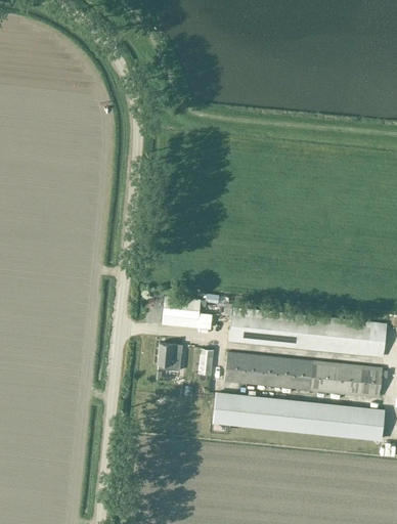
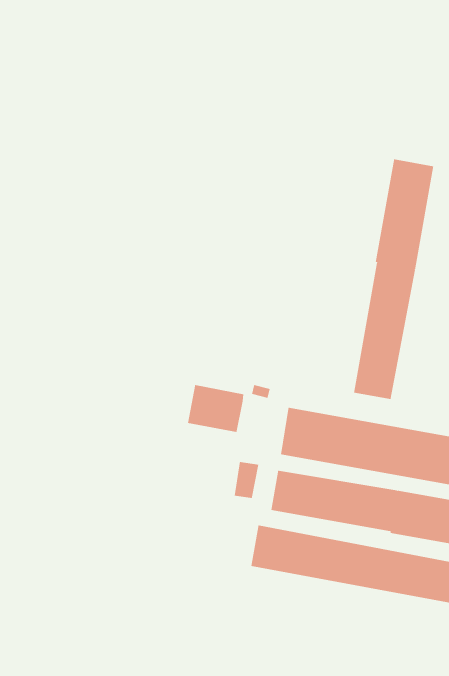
building: none -> [354,159,434,400]
building: [158,342,181,370] -> none

